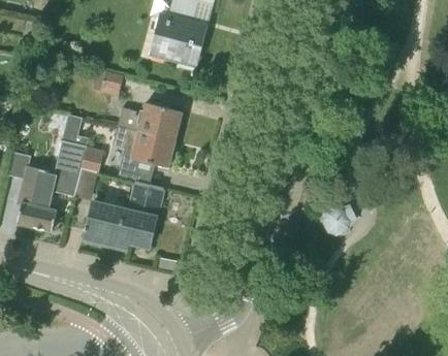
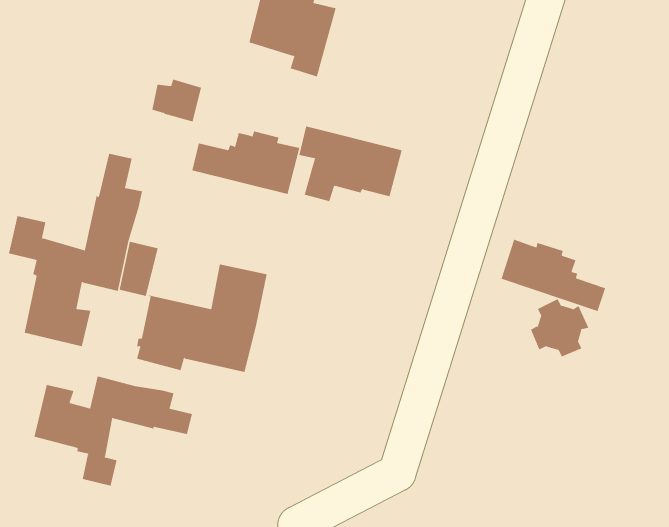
building: [114,125,175,170] -> [299,126,402,202]
building: none -> [501,239,606,312]
building: none -> [34,375,193,486]

